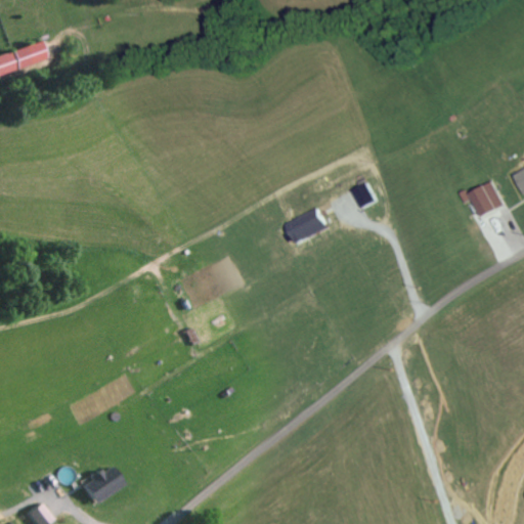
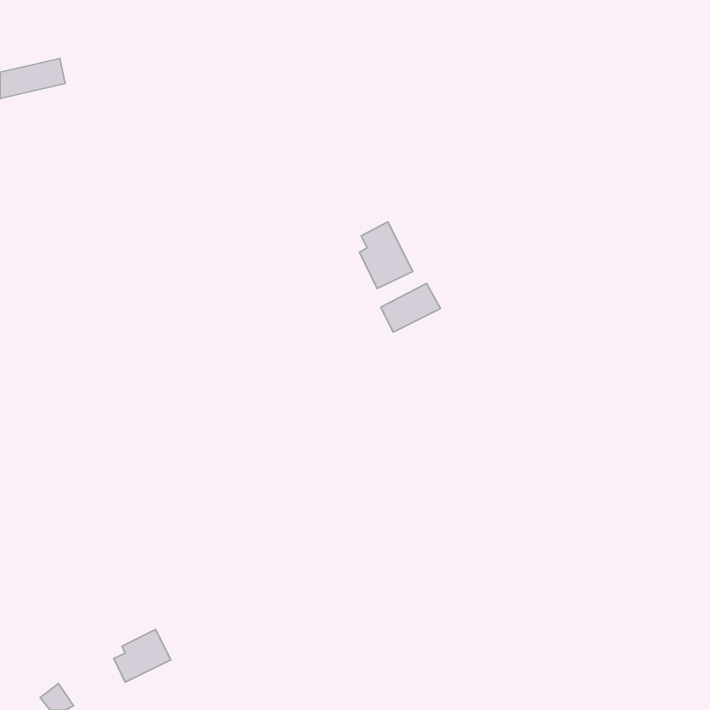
building: none -> [360,222,413,289]
building: [465,182,500,218] -> none

